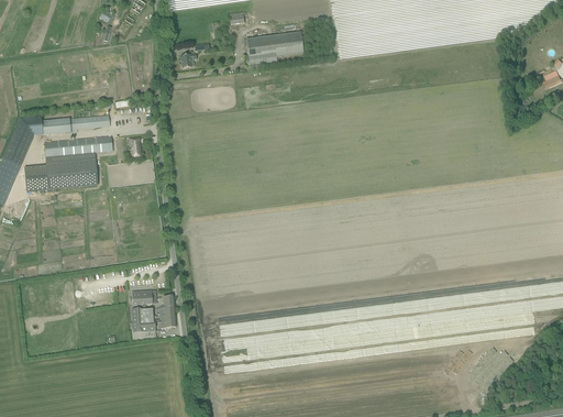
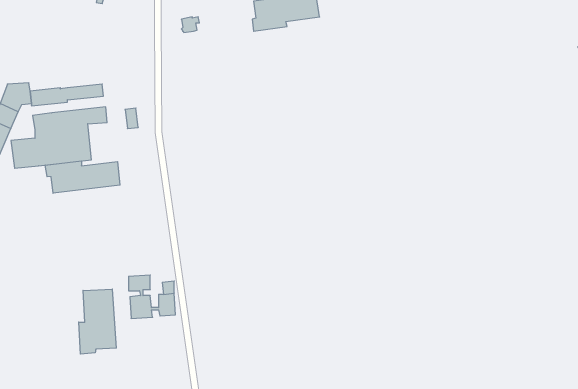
building: none -> [45,161,120,193]
building: none -> [79,289,116,354]

